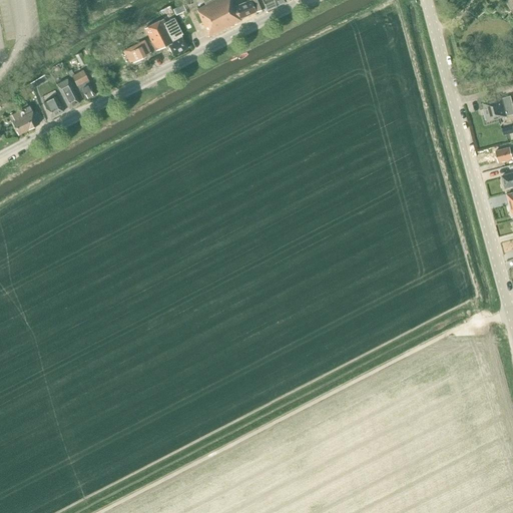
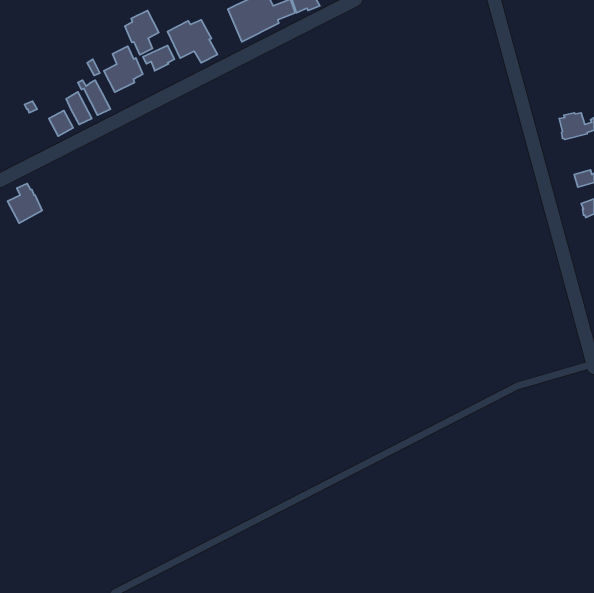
building: none -> [125,11,159,55]
building: none -> [104,46,143,92]
building: [8,100,38,134] -> [7,184,42,223]

